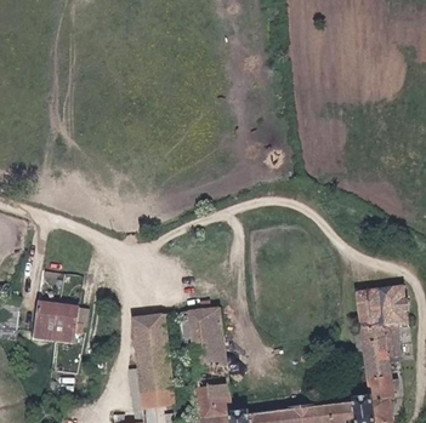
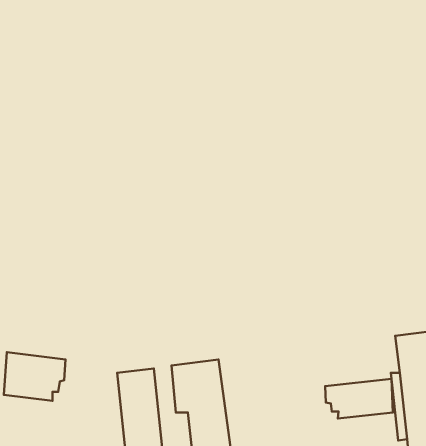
building: none -> [325,379,393,418]

